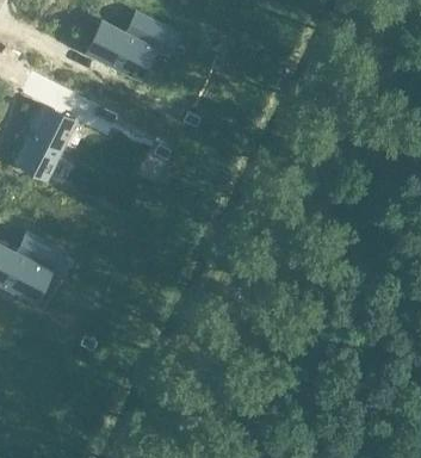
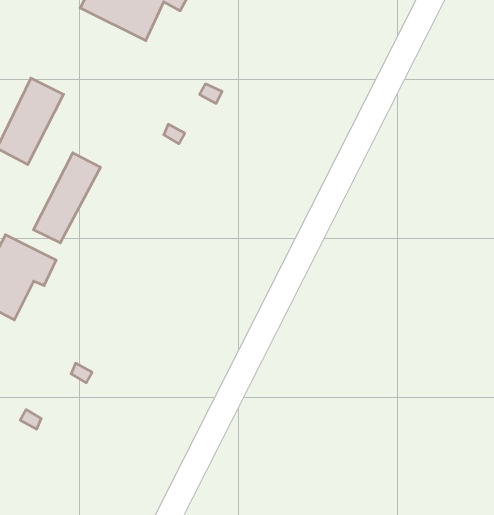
building: none -> [33,153,100,243]

